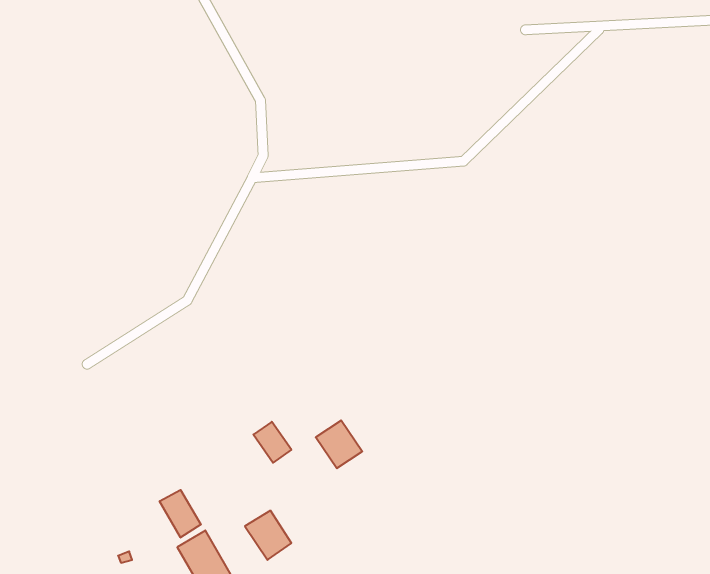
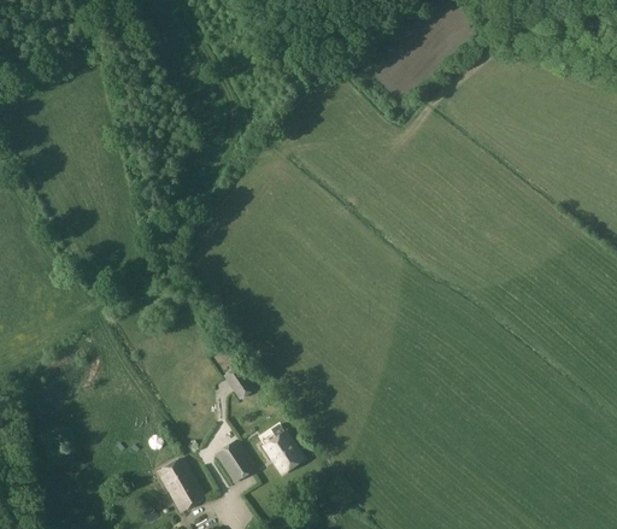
building: [316,420,362,468] -> [263,431,302,472]
building: [160,490,201,538] -> none

